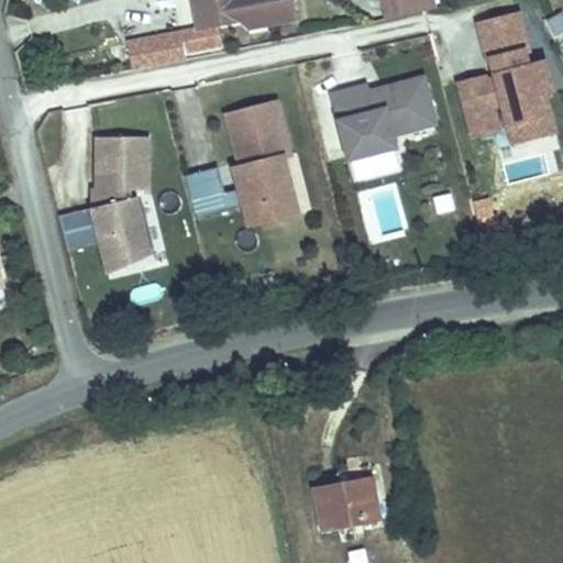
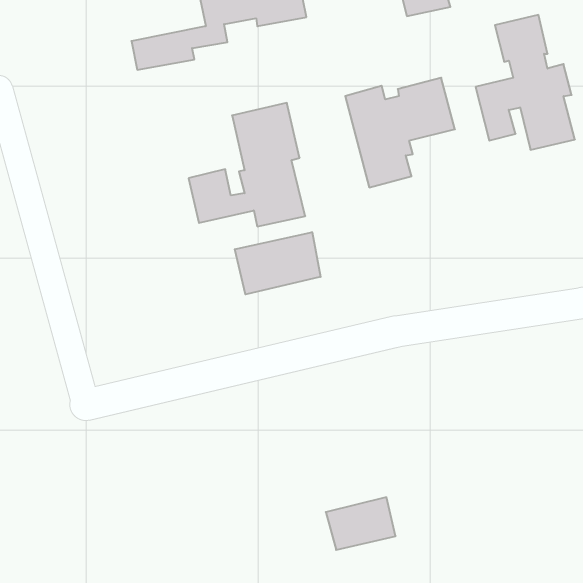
building: [63,132,150,264] -> none
building: none -> [235,232,321,294]

